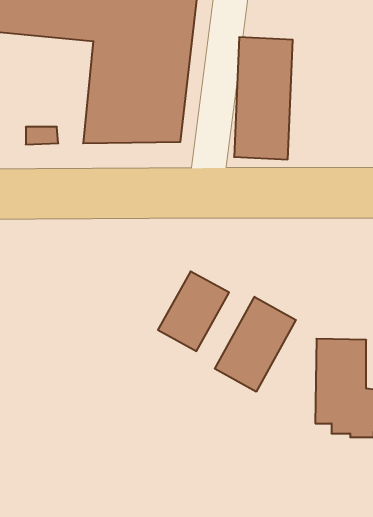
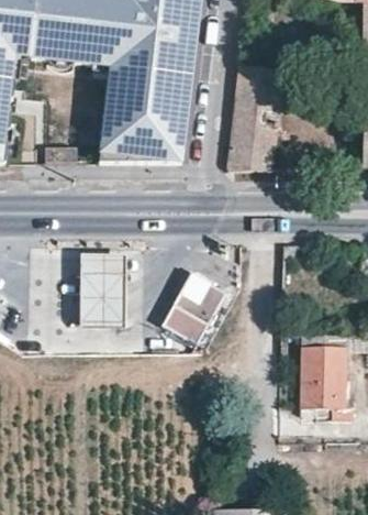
building: none -> [81,255,124,327]
building: [215,297,296,392] -> none

